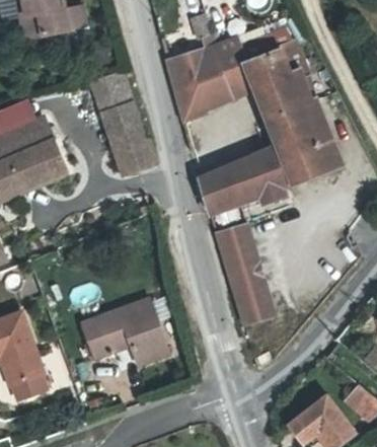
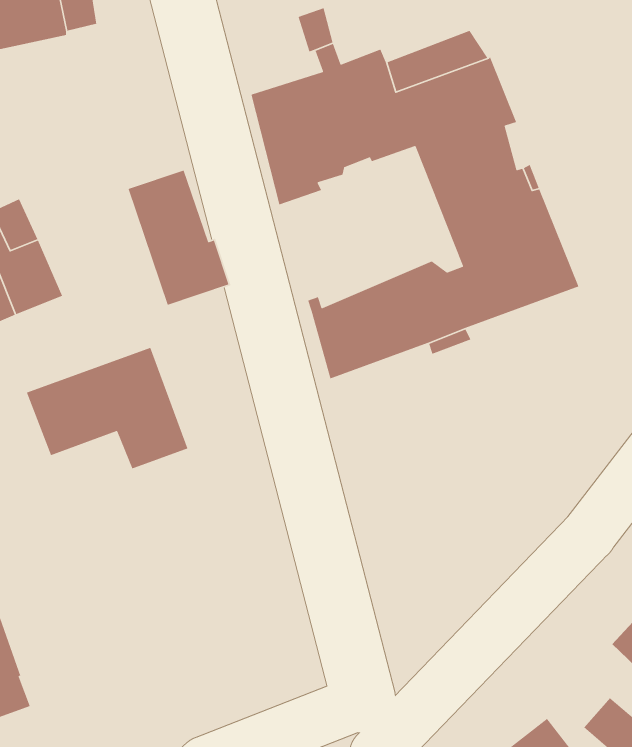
building: [90,71,131,113] -> none
building: [215,225,273,324] -> none
building: [81,299,168,365] -> [26,347,189,470]

